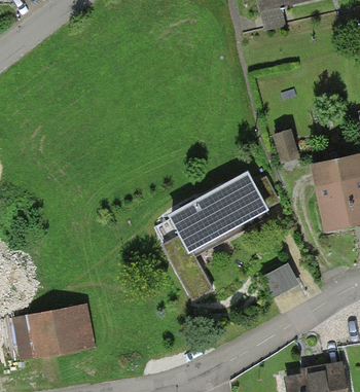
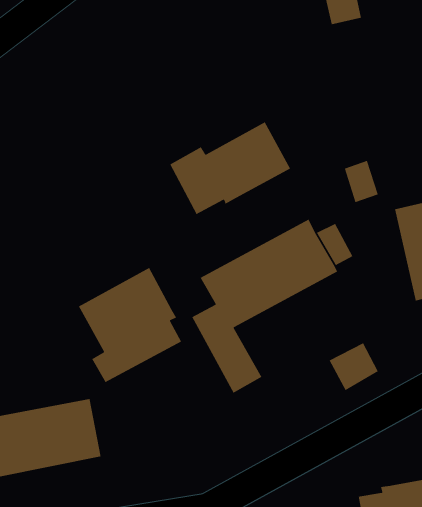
building: none -> [169,121,291,215]
building: none -> [78,267,182,383]

